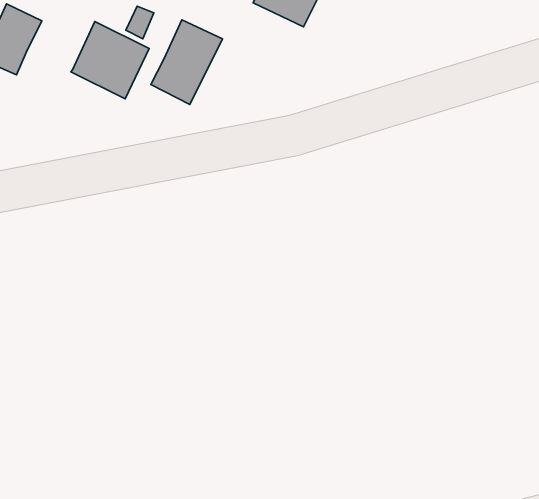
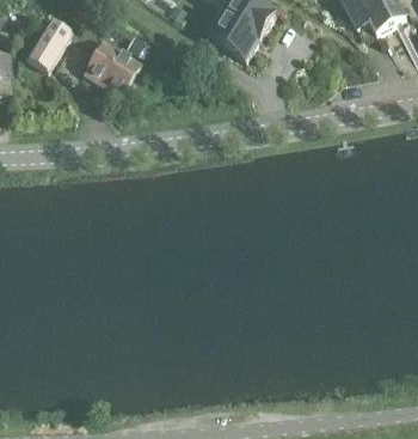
building: [151,20,222,104] -> none

